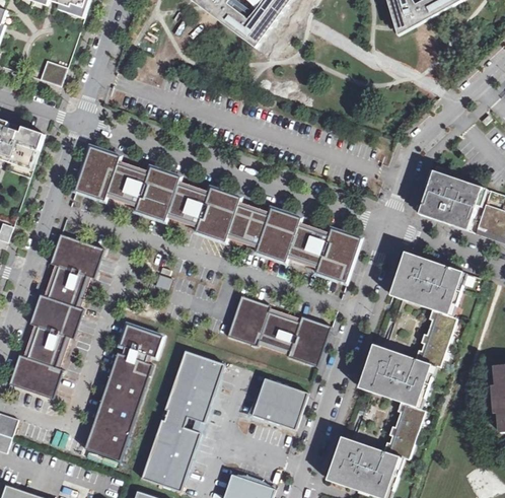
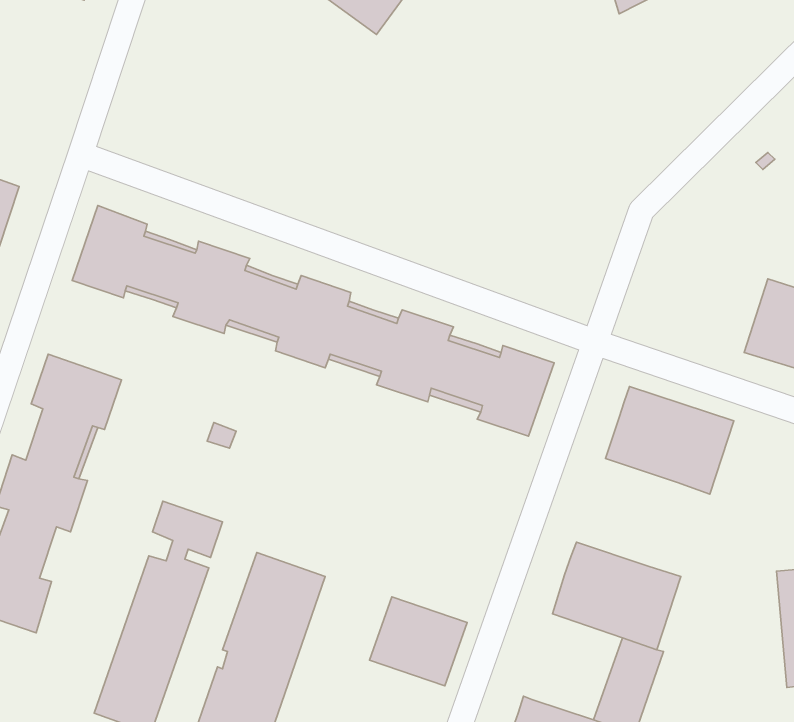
building: [40,60,66,84] -> none
building: [417,164,489,232] -> none
building: [227,293,331,365] -> none
building: [416,309,456,367] -> none

